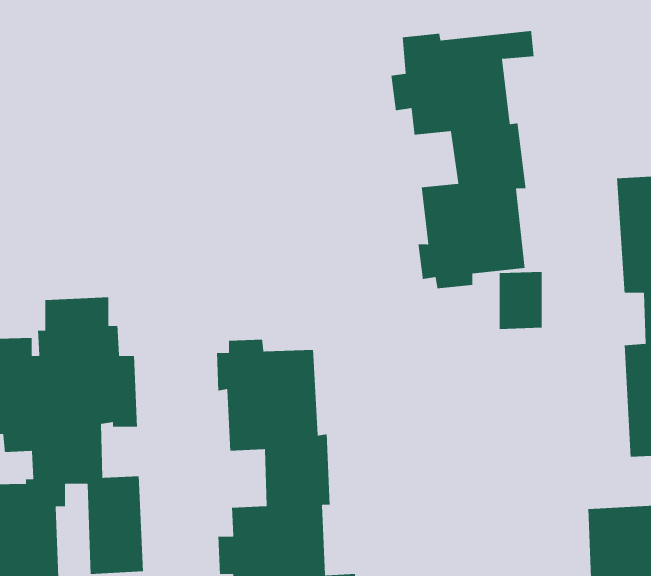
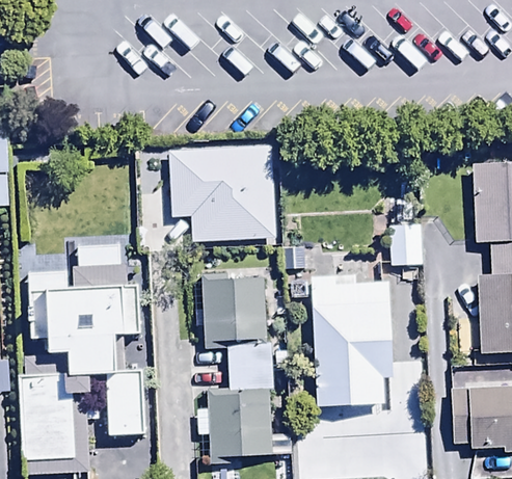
building: [390,30,535,289] -> none
building: none -> [168,145,276,244]
building: none -> [311,272,394,403]

